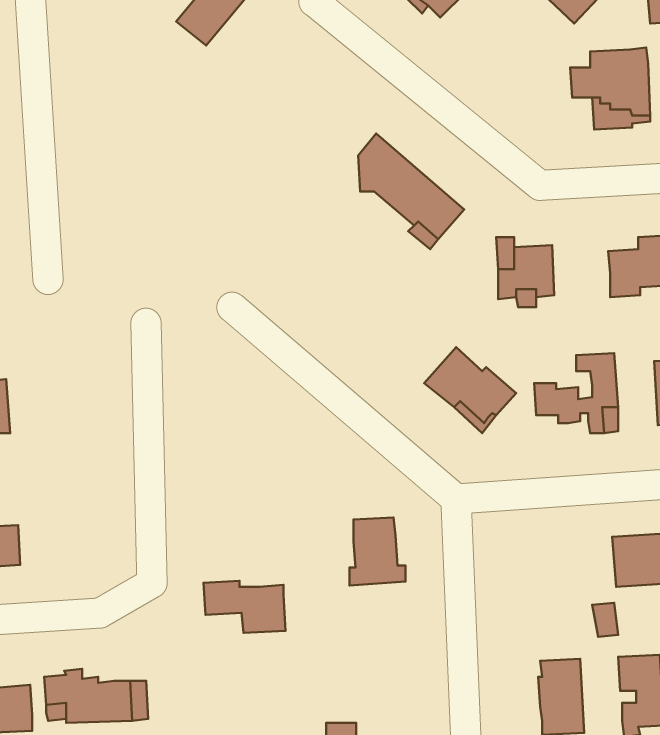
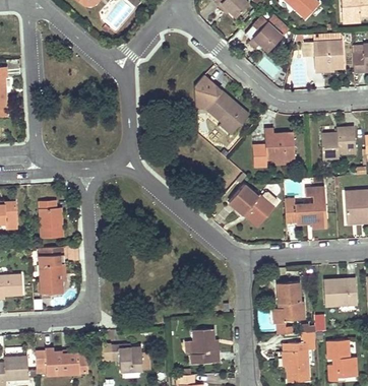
building: none -> [245,13,289,51]
building: none -> [39,199,62,238]
building: none -> [39,246,65,294]
building: [349,518,405,586] -> [190,328,219,363]
building: none -> [273,281,304,323]
building: [204,581,286,633] -> [101,344,142,371]

